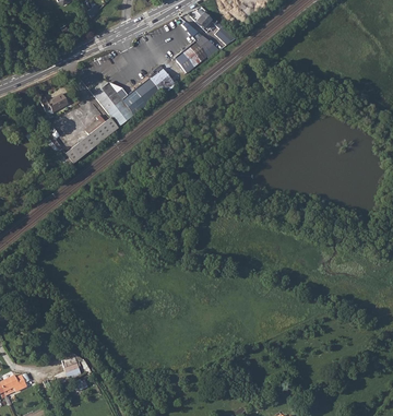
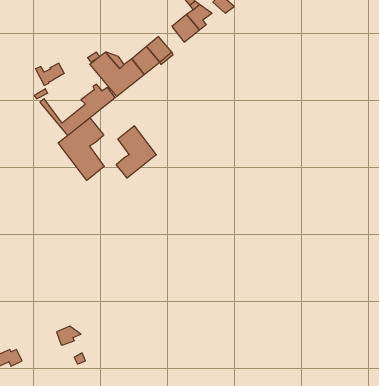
building: none -> [58,118,104,180]
building: none -> [116,126,156,178]

